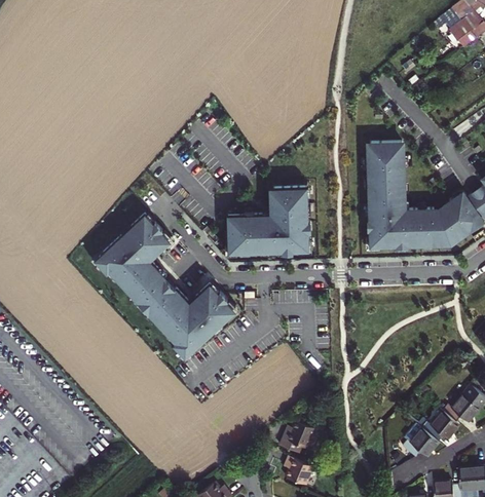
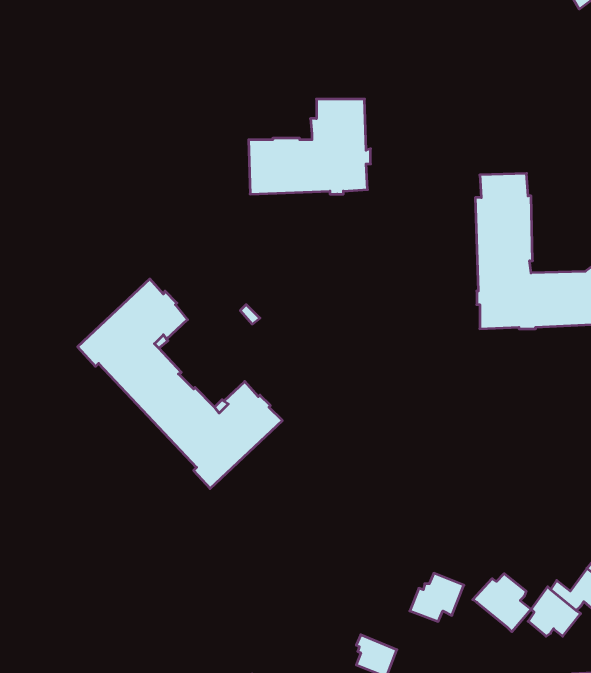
building: [228,189,311,254] -> [249,99,371,194]
building: none -> [473,574,531,632]
building: [279,421,316,454] -> [410,573,464,621]

